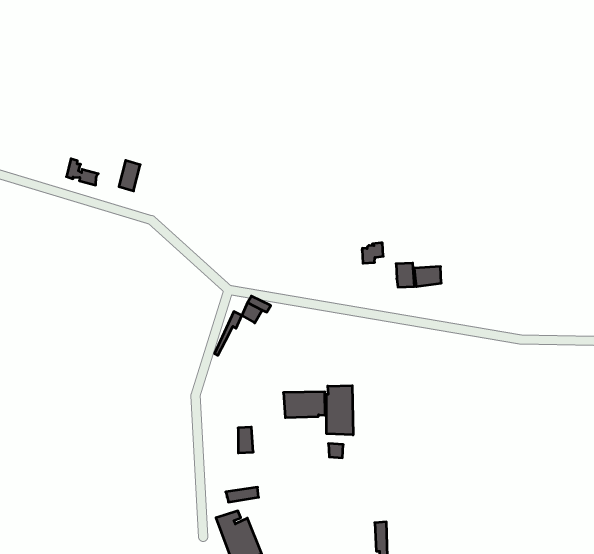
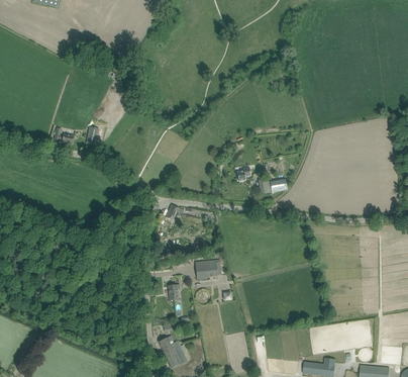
building: [327,386,353,435] -> none

